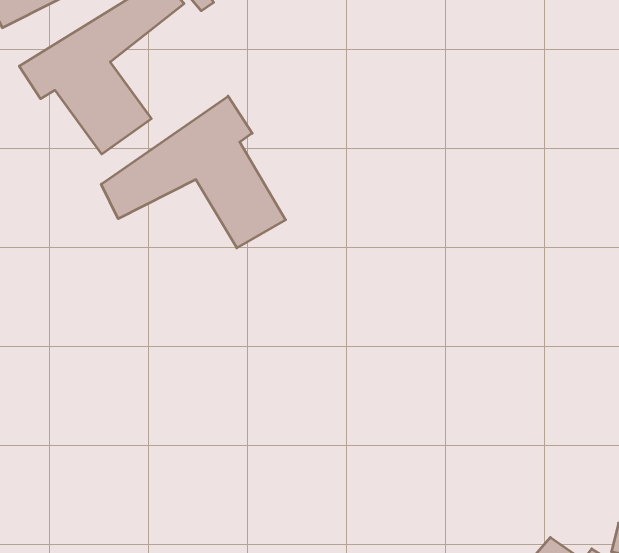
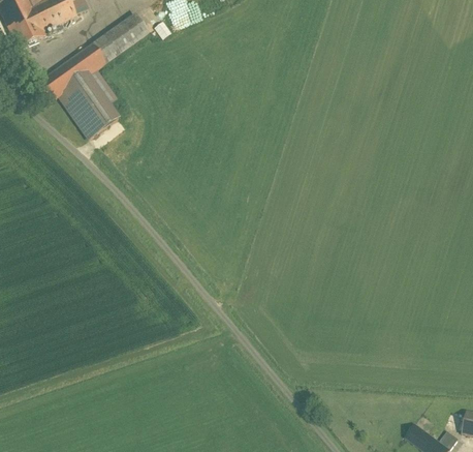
building: [101,96,286,248] -> none

